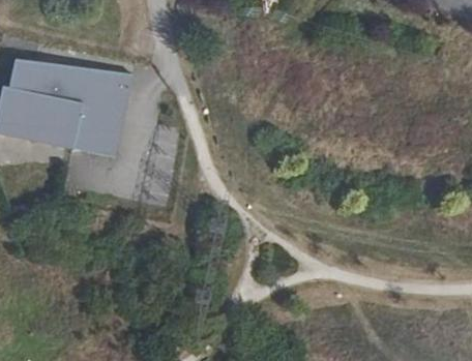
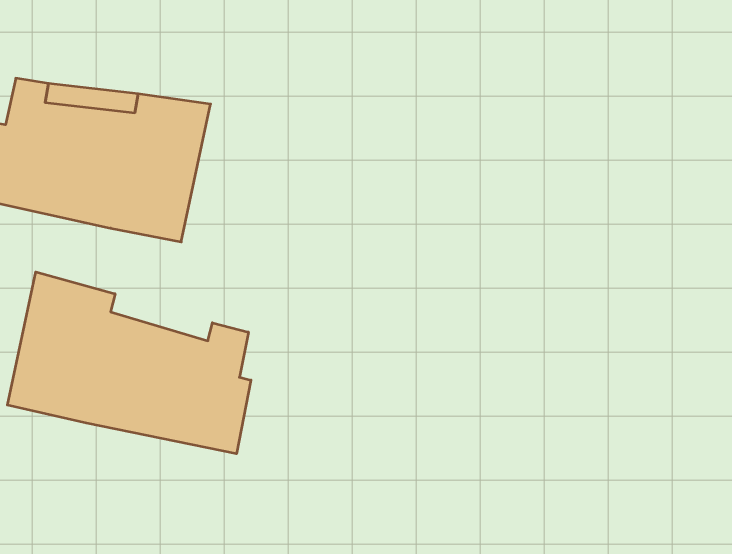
building: none -> [7,272,251,454]

